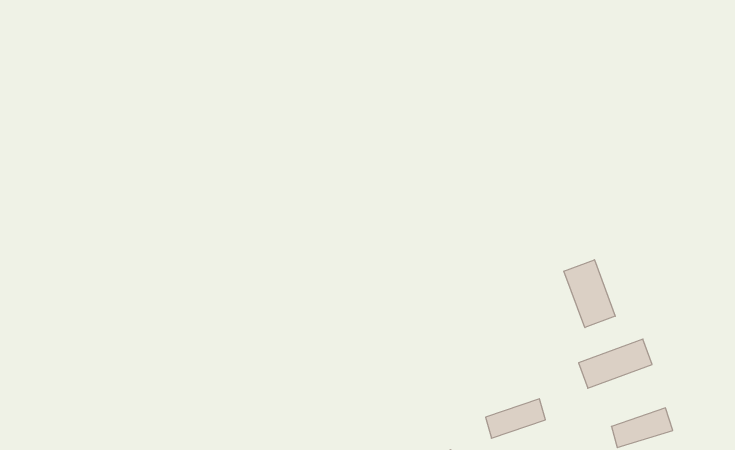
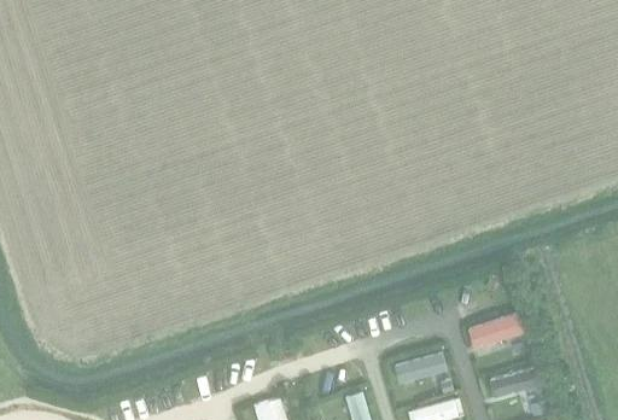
building: [564,260,615,328] -> none

